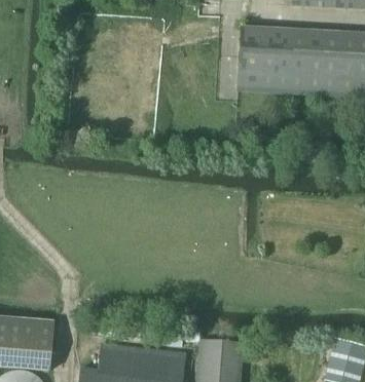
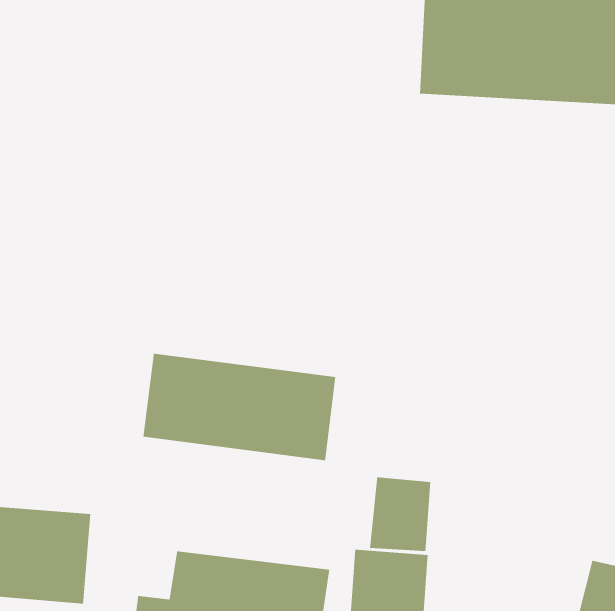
building: none -> [143,353,336,461]
building: none -> [369,477,431,552]

